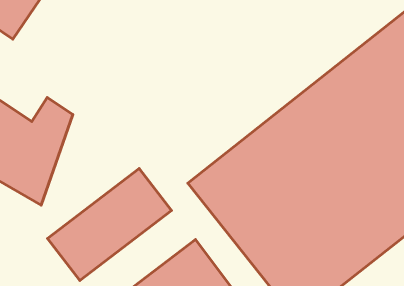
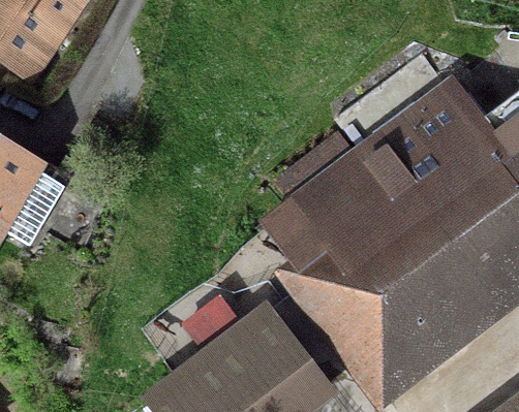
building: [48,169,172,281] -> none

